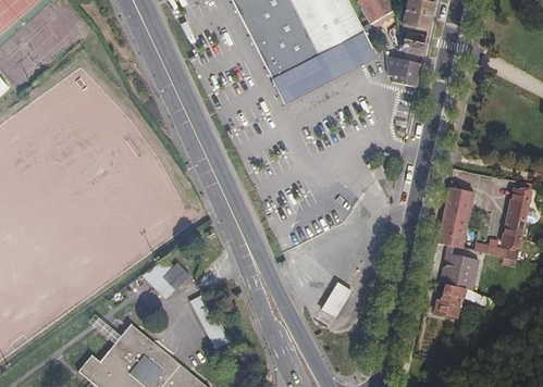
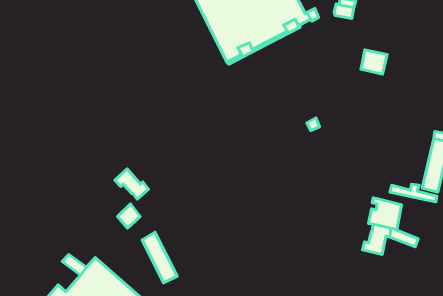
building: [392,58,421,85] -> [361,50,387,74]
building: [437,187,473,248] -> none
building: none -> [115,169,148,199]
building: [321,284,351,320] -> none

